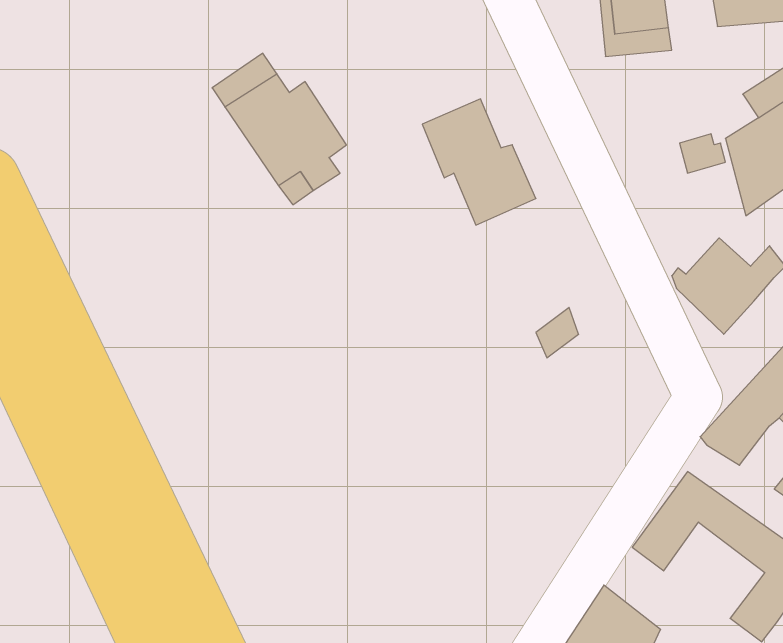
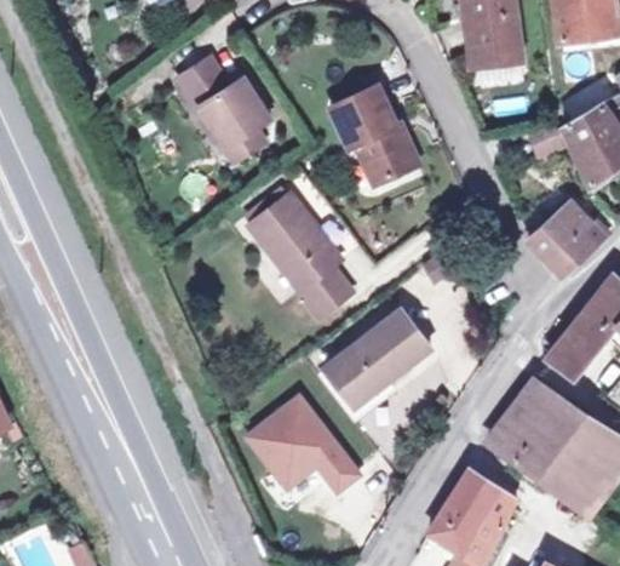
building: none -> [246,199,351,322]
building: none -> [323,313,430,412]
building: none -> [246,400,358,494]
building: none -> [519,416,597,490]

